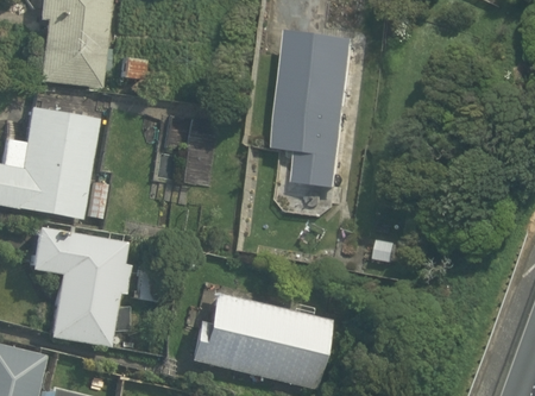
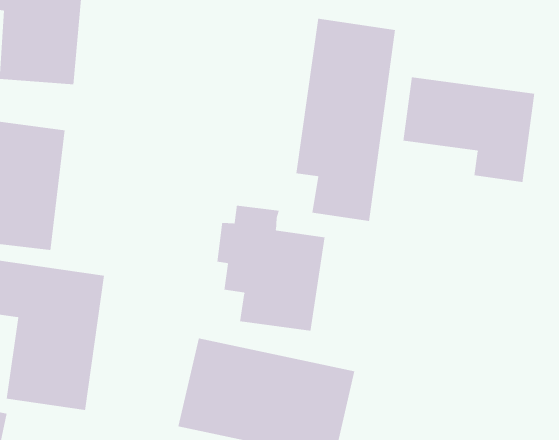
building: none -> [403,77,535,183]
building: none -> [217,205,325,331]

